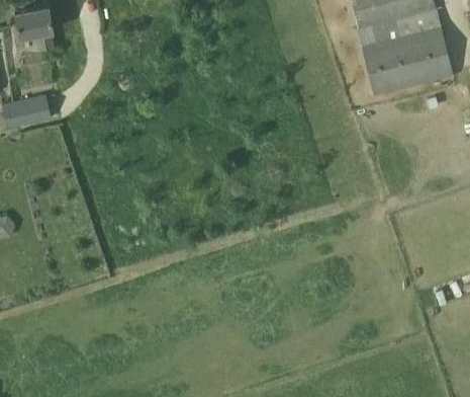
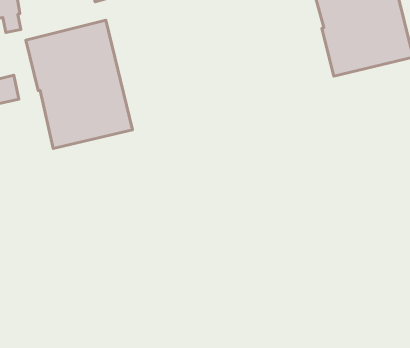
building: none -> [26,20,132,149]

